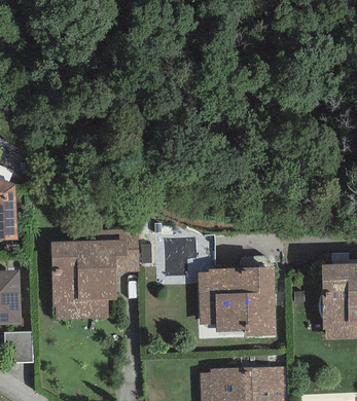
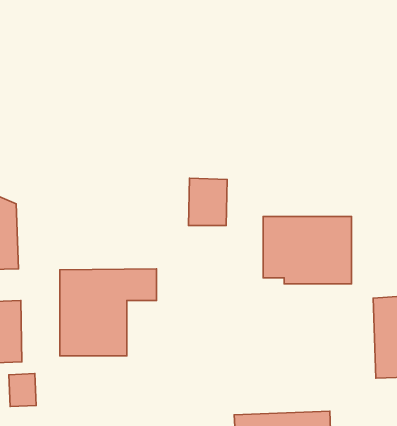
building: [164,236,198,278] -> [188,178,227,225]
building: [203,271,280,330] -> [263,217,351,284]

